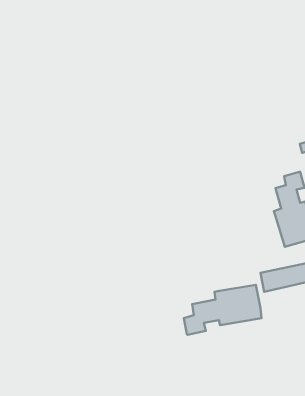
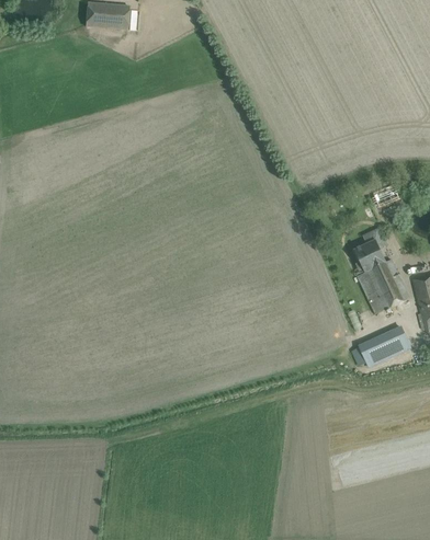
building: [184,285,261,335] -> none

